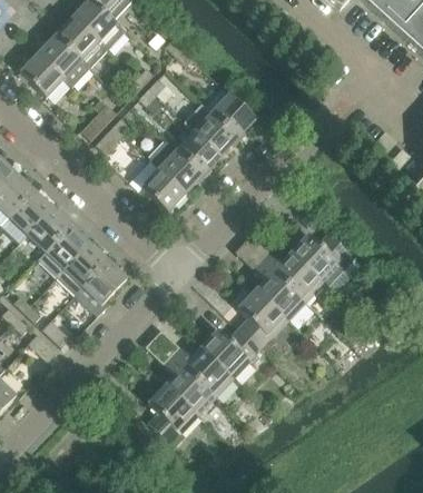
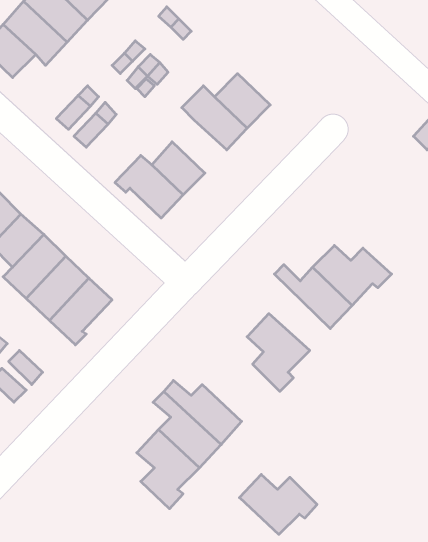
building: [176,130,220,174] -> none
building: [250,256,305,318] -> none
building: [200,327,264,376] -> [239,474,317,534]

